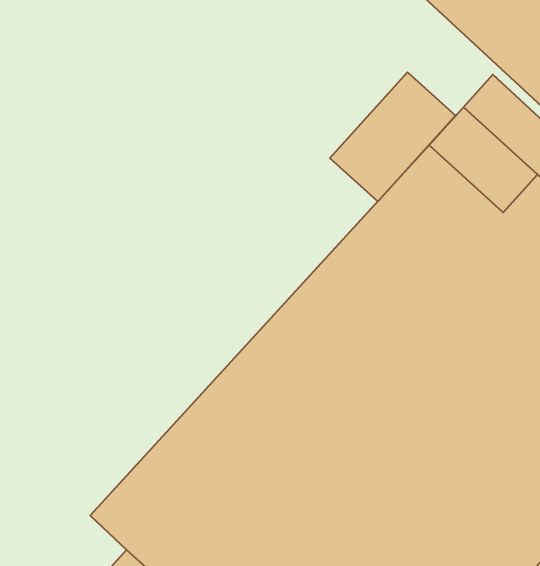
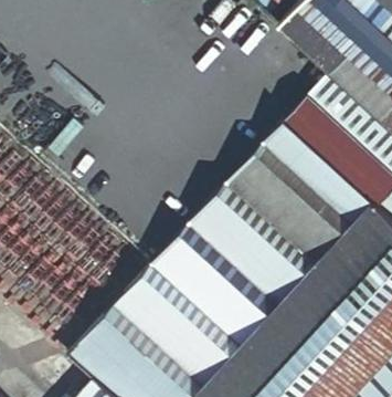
building: [330,72,455,201] -> none

